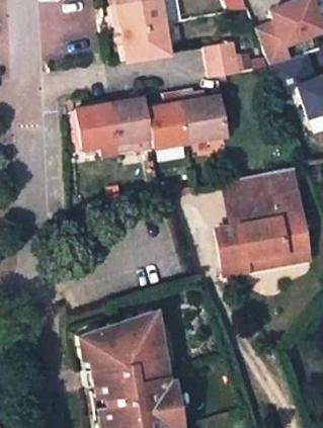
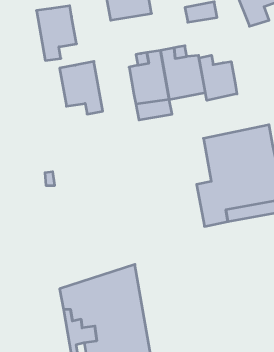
building: none -> [199,55,237,100]
building: [111,97,153,154] -> [36,6,77,60]

